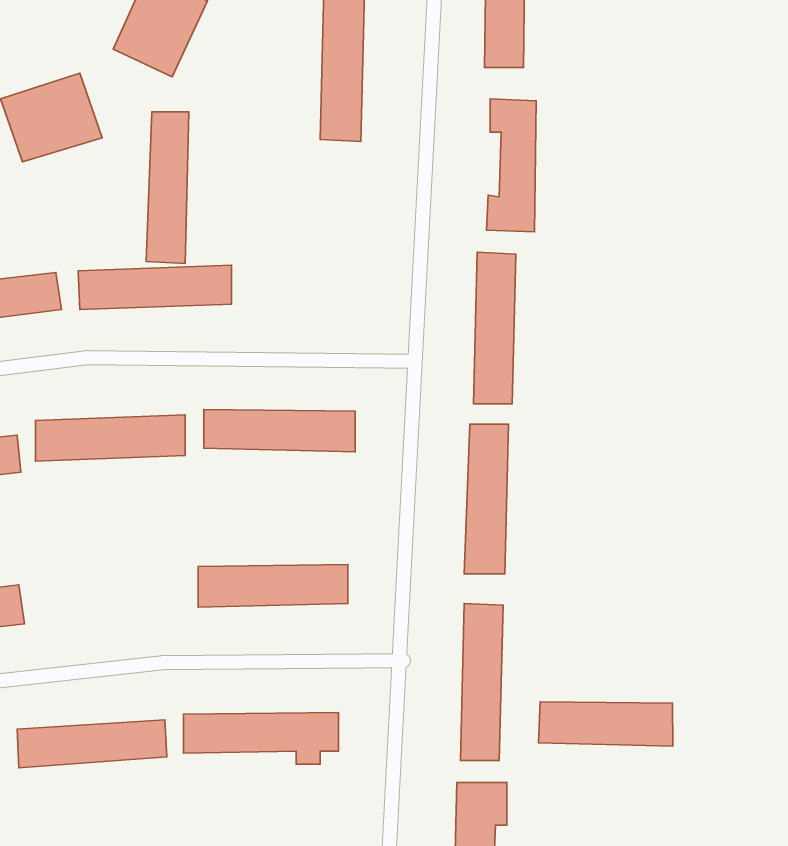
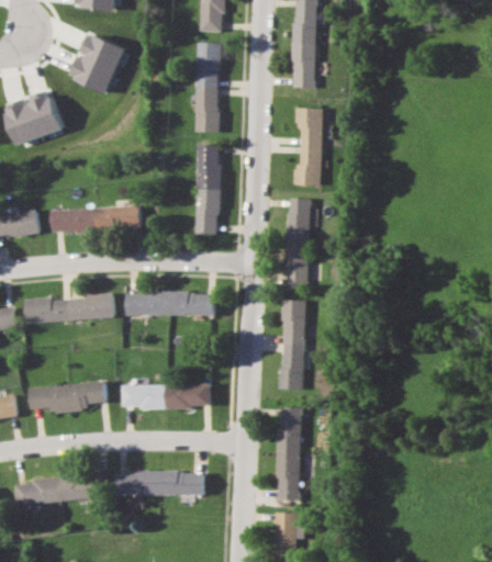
building: [146,112,189,263] -> [194,144,220,234]
building: none -> [29,382,108,411]
building: [538,702,673,746] -> none

